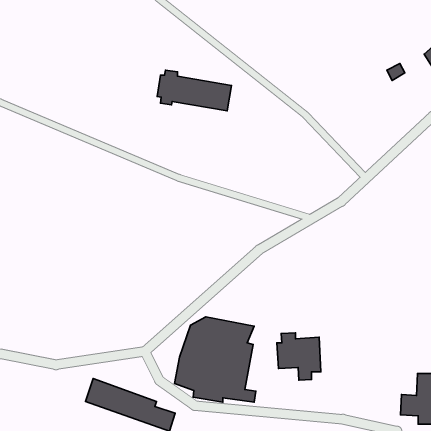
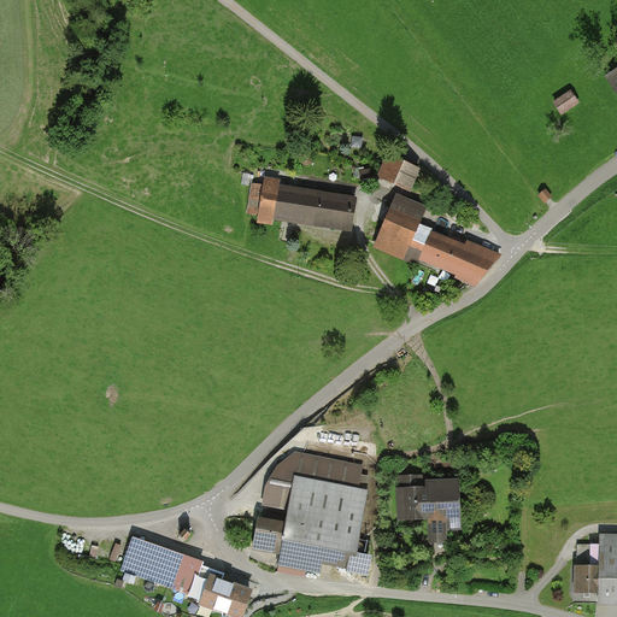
building: [157,70,232,111] -> [249,176,355,234]
building: none -> [377,157,417,189]
building: none -> [372,194,498,288]

